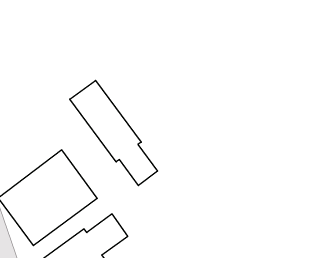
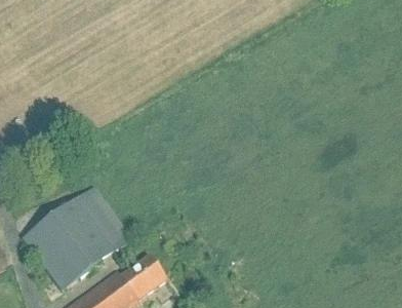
building: [70,80,158,186] -> none

